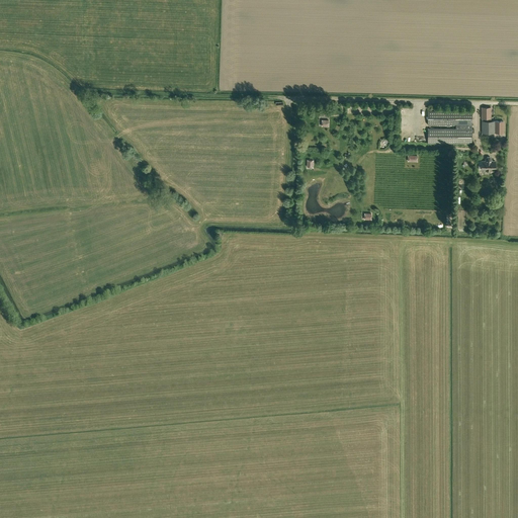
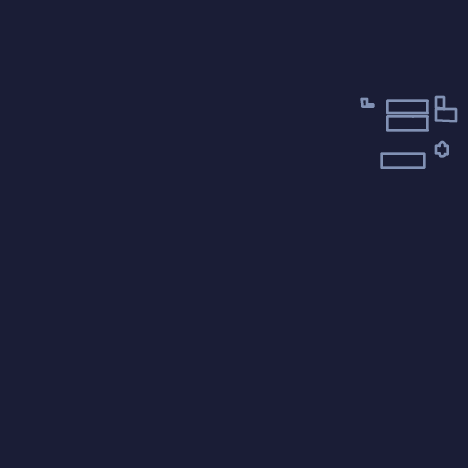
building: none -> [382,154,424,168]

